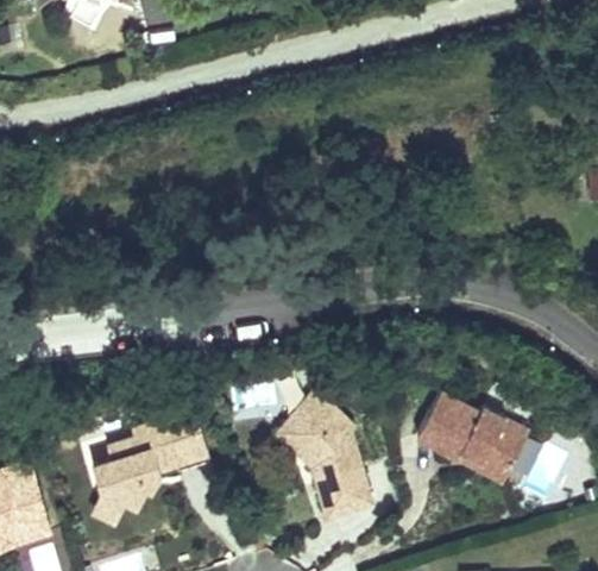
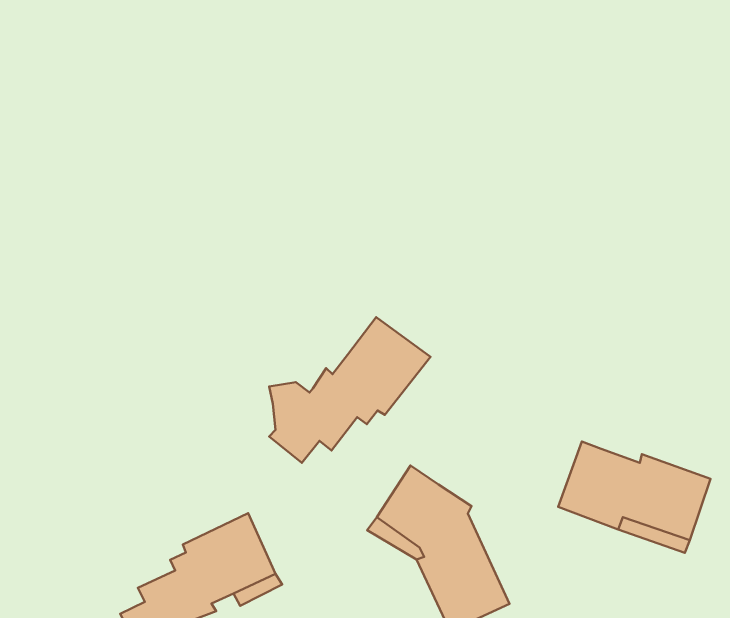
building: none -> [269,317,430,463]

